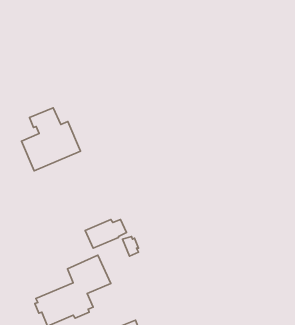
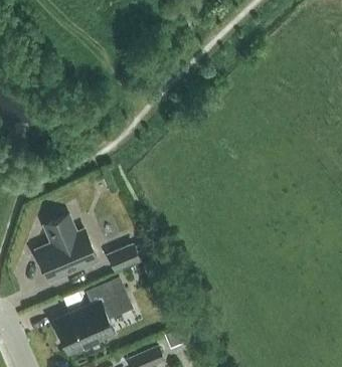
building: [22,108,81,171] -> [35,216,96,281]

